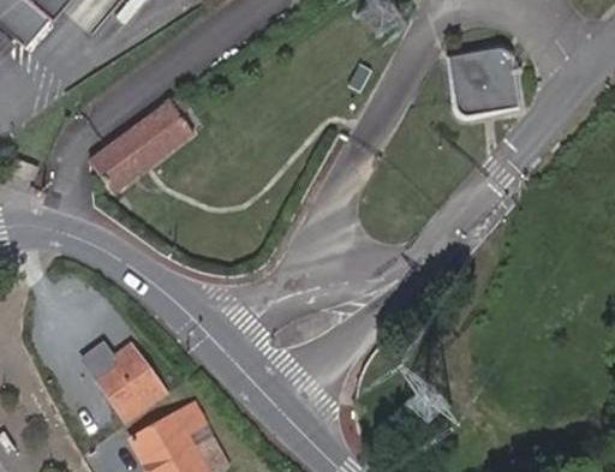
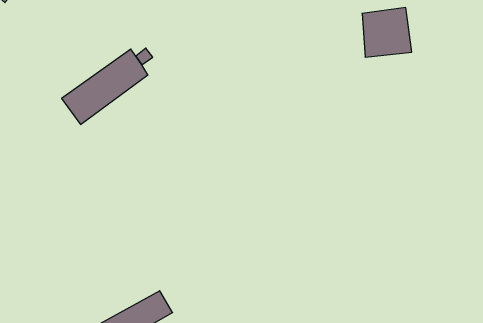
building: [92,346,153,412] -> none

